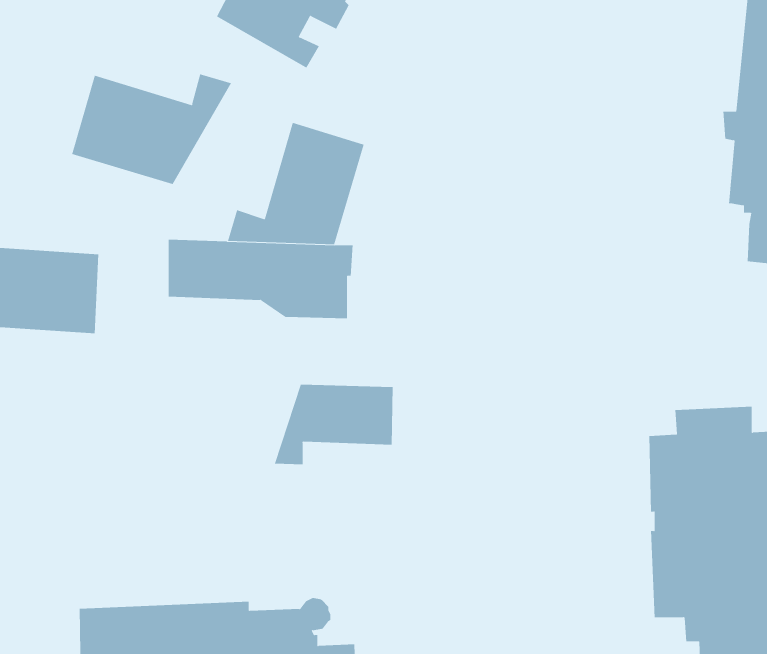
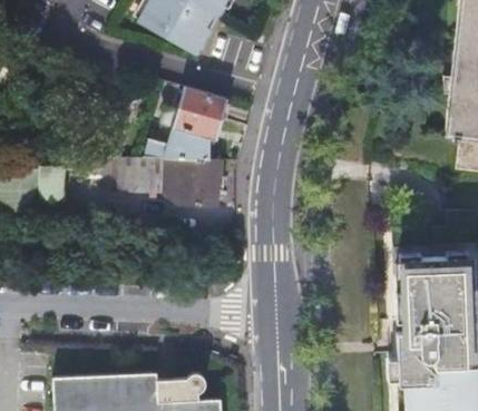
building: [72,73,232,185] -> none
building: [274,384,393,465] -> none

